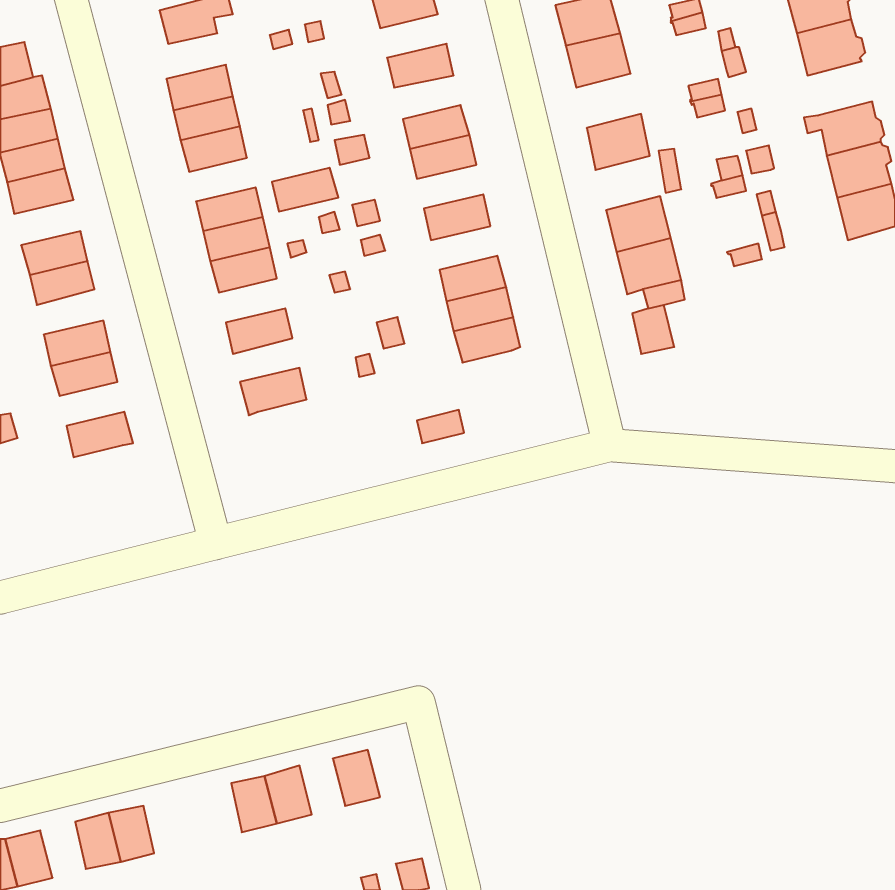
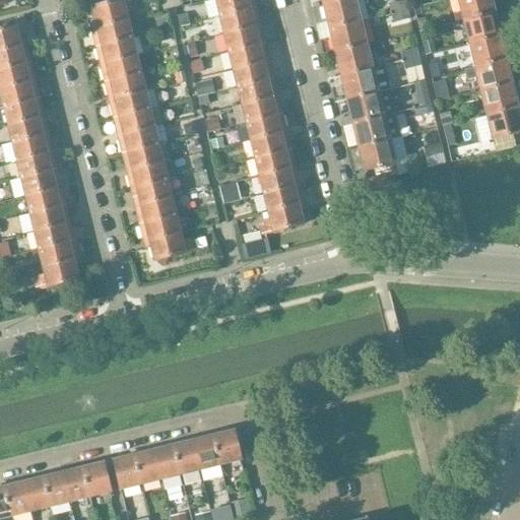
building: none -> [220,8,259,34]
building: none -> [91,19,131,46]
building: none -> [468,36,506,67]
building: none -> [334,43,372,74]
building: none -> [229,44,267,69]
building: none -> [345,90,383,122]
building: none -> [242,95,280,121]
building: [272,168,338,212] -> [110,91,148,117]
building: none -> [8,116,47,142]
building: none -> [250,131,288,156]
building: none -> [127,161,166,187]
building: none -> [21,168,60,194]
building: none -> [135,196,174,221]
building: none -> [259,203,302,233]
building: none -> [35,221,72,247]
building: none -> [149,232,194,259]
building: none -> [34,258,76,288]
building: none -> [213,430,240,462]
building: none -> [174,440,200,472]
building: none -> [114,454,140,488]
building: none -> [83,462,110,495]
building: none -> [23,476,50,509]

